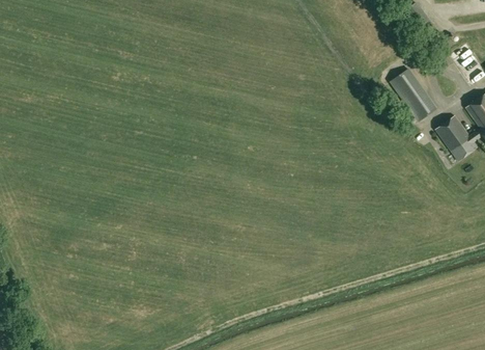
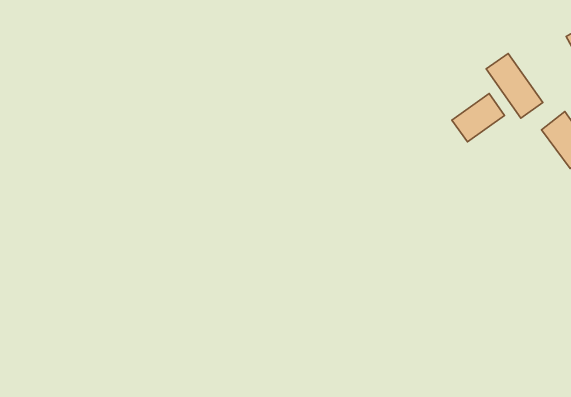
building: none -> [452,94,505,142]

